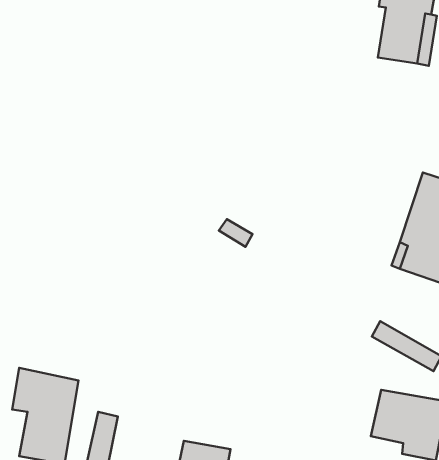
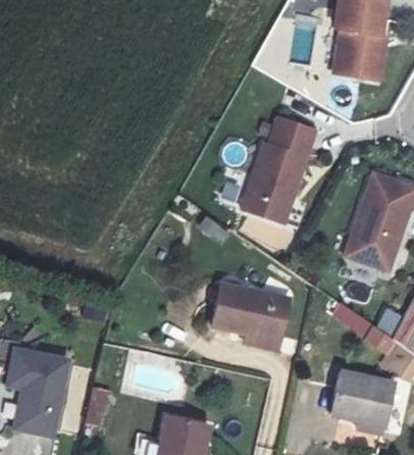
building: none -> [242,118,317,226]
building: none -> [210,283,286,335]

